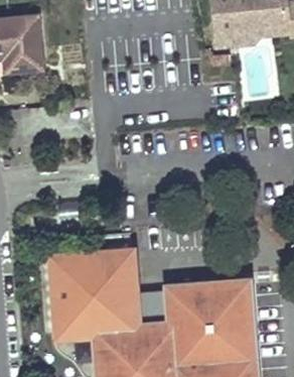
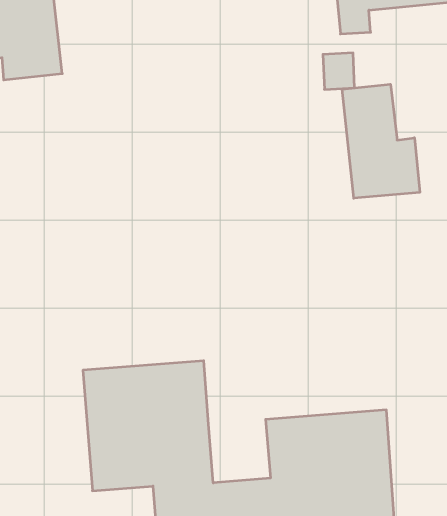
building: none -> [342,84,420,198]
building: [135,288,174,329] -> none

